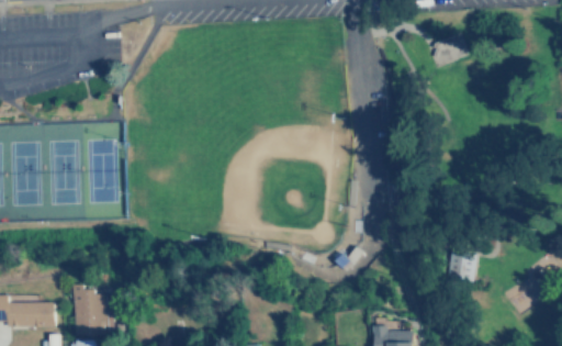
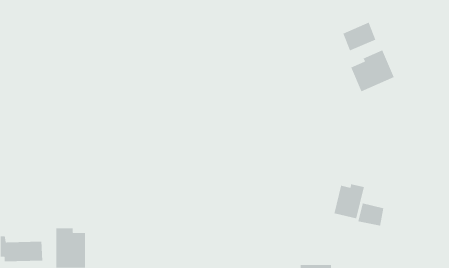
building: none -> [350,50,395,92]
building: none -> [334,183,364,219]

